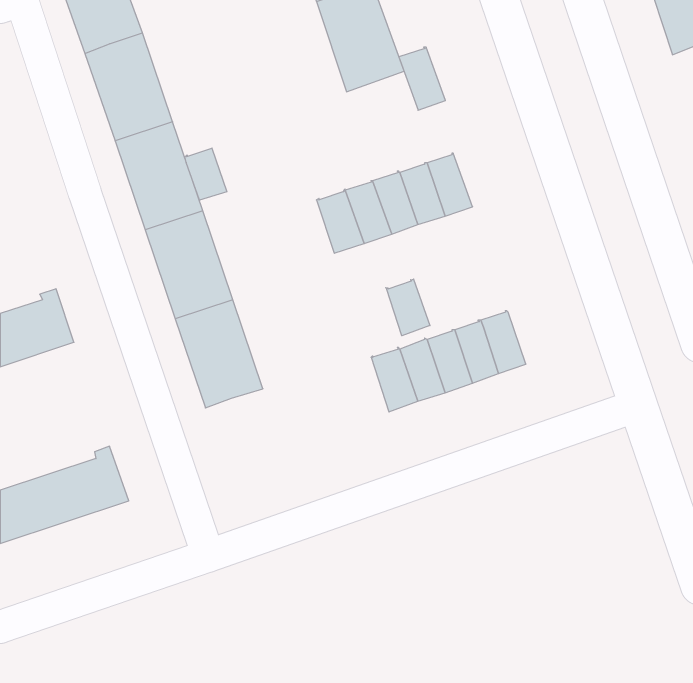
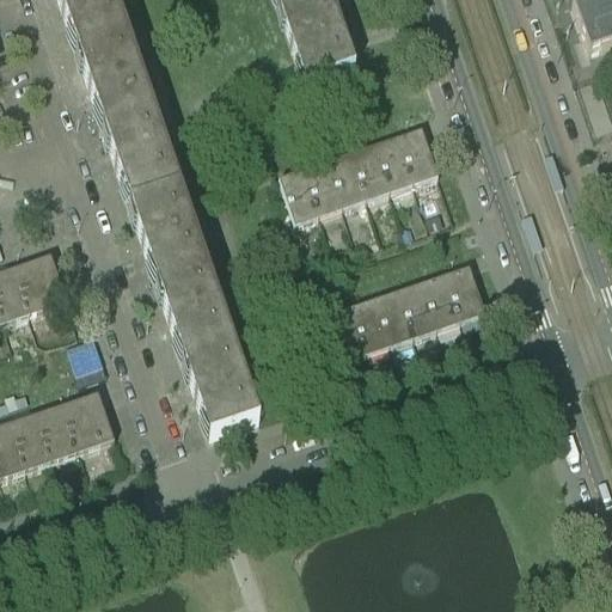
building: [399,47,445,110] -> [402,126,442,180]
building: [185,148,227,200] -> none
building: [386,279,430,336] -> none
building: none -> [449,263,489,318]
building: none -> [185,339,263,435]

